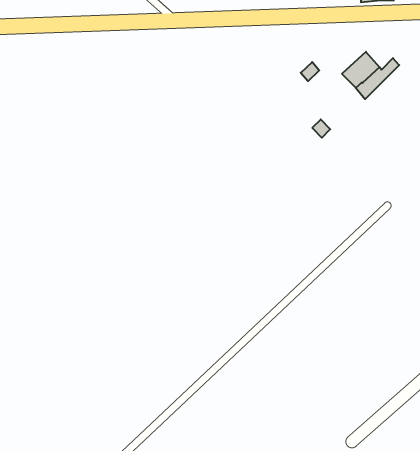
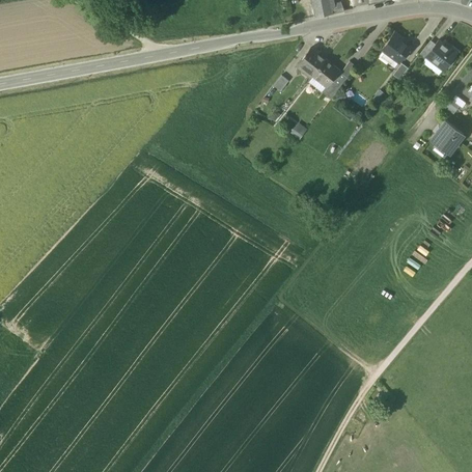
building: none -> [297,48,327,79]

